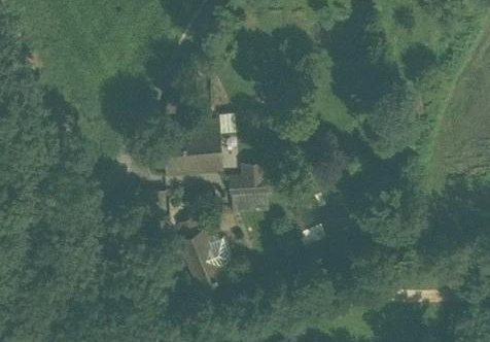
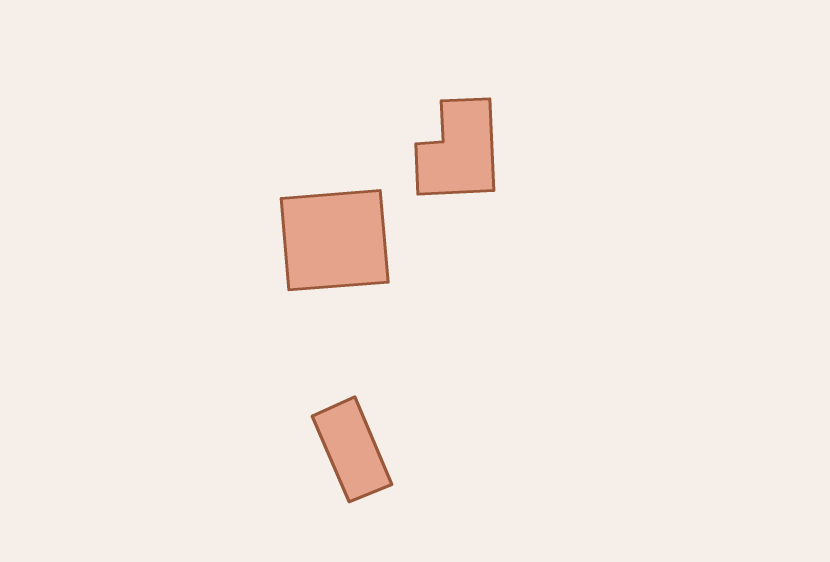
building: [226,164,268,214] -> [416,99,494,194]

